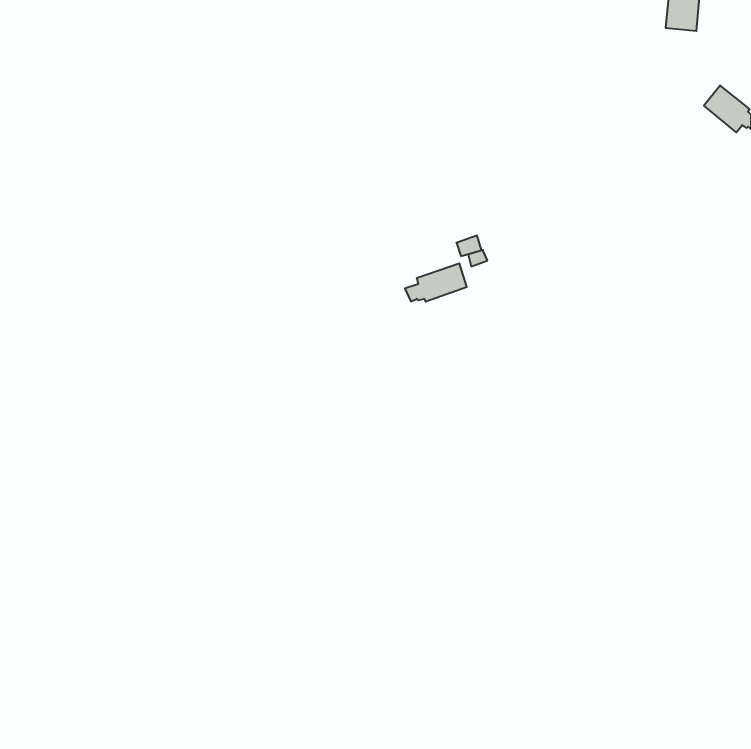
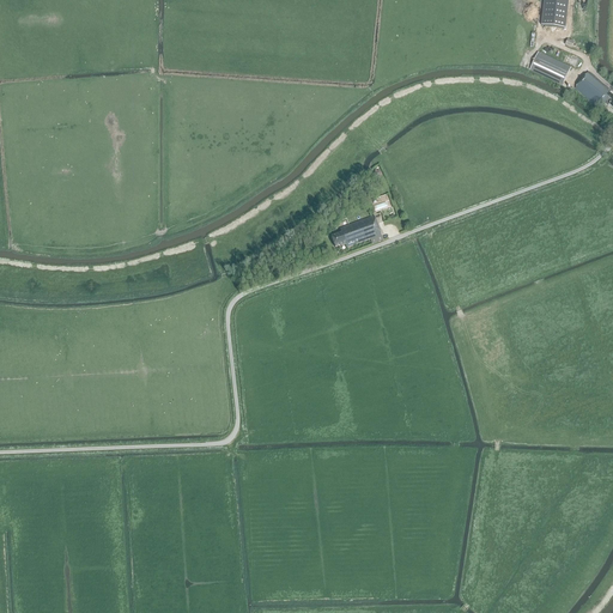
building: none -> [528,50,570,84]

